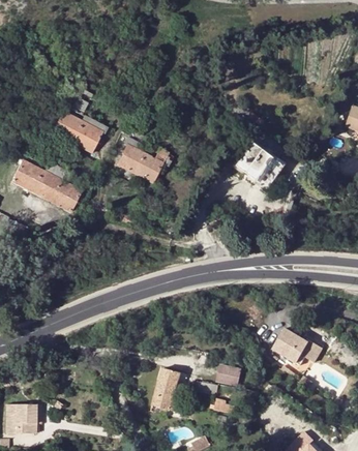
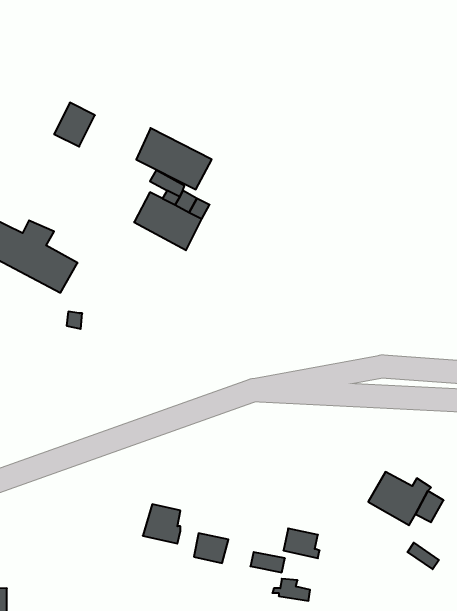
building: [54,111,103,151] -> [136,128,212,189]
building: [237,143,284,186] -> none
building: [152,384,177,410] -> [143,504,180,544]

